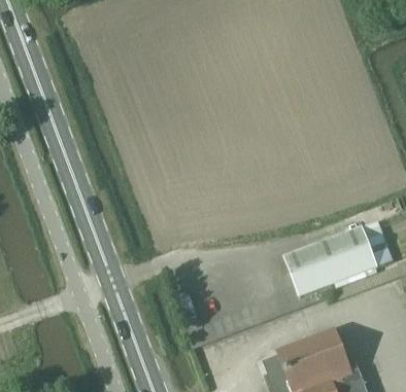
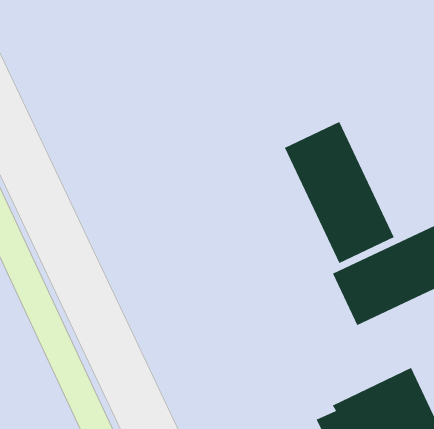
building: none -> [284,121,394,264]

